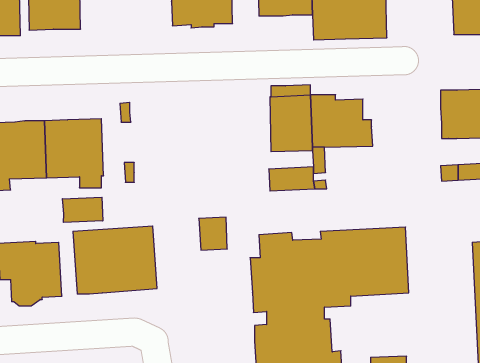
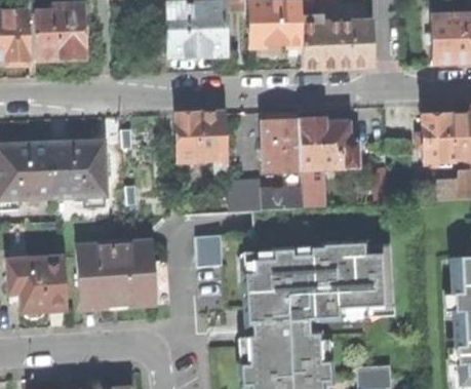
building: none -> [176,111,228,160]
building: none -> [229,182,262,210]
building: [62,197,103,222] -> none

